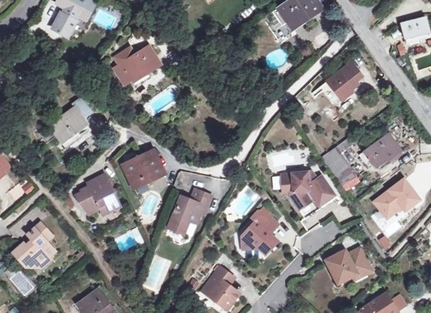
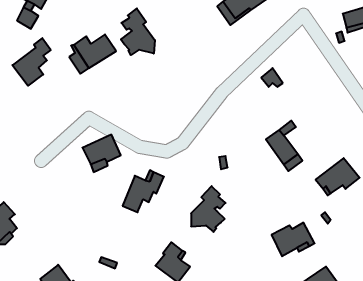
building: none -> [121,8,155,55]
building: [327,62,361,97] -> none
building: [49,98,90,149] -> [12,38,51,86]
building: [363,132,400,167] -> none
building: [280,172,335,219] -> none
building: [73,176,116,217] -> none

